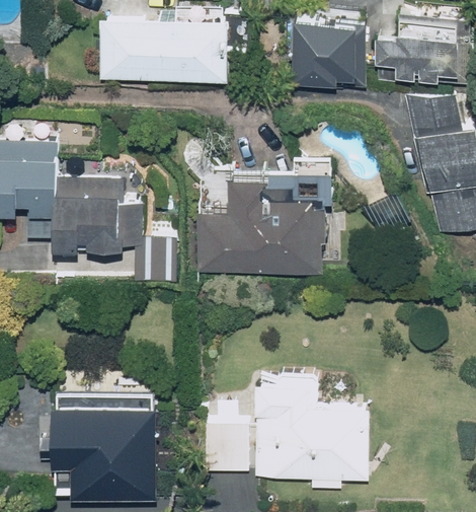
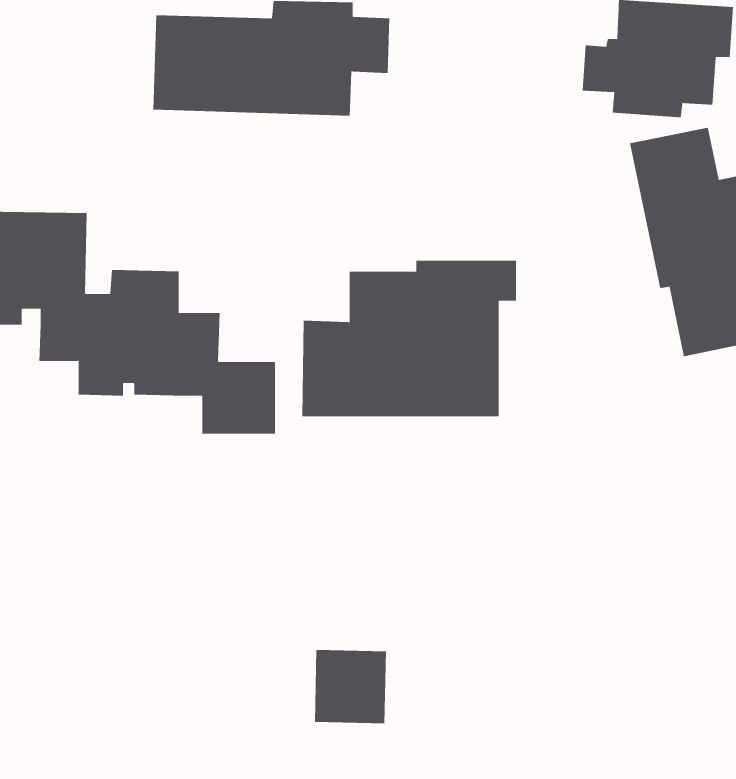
building: [291,16,356,83] -> none
building: [255,381,371,492] -> none
building: [51,390,158,500] -> none

